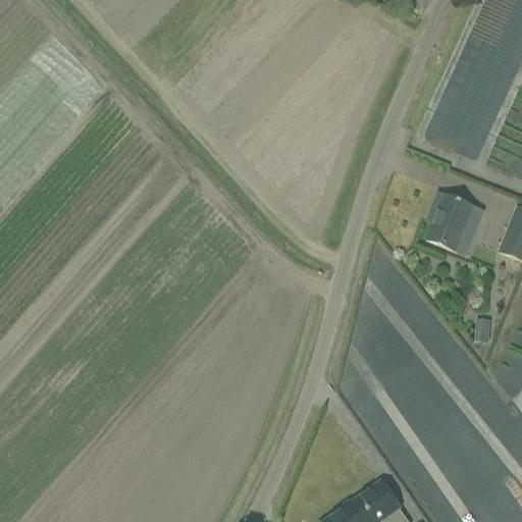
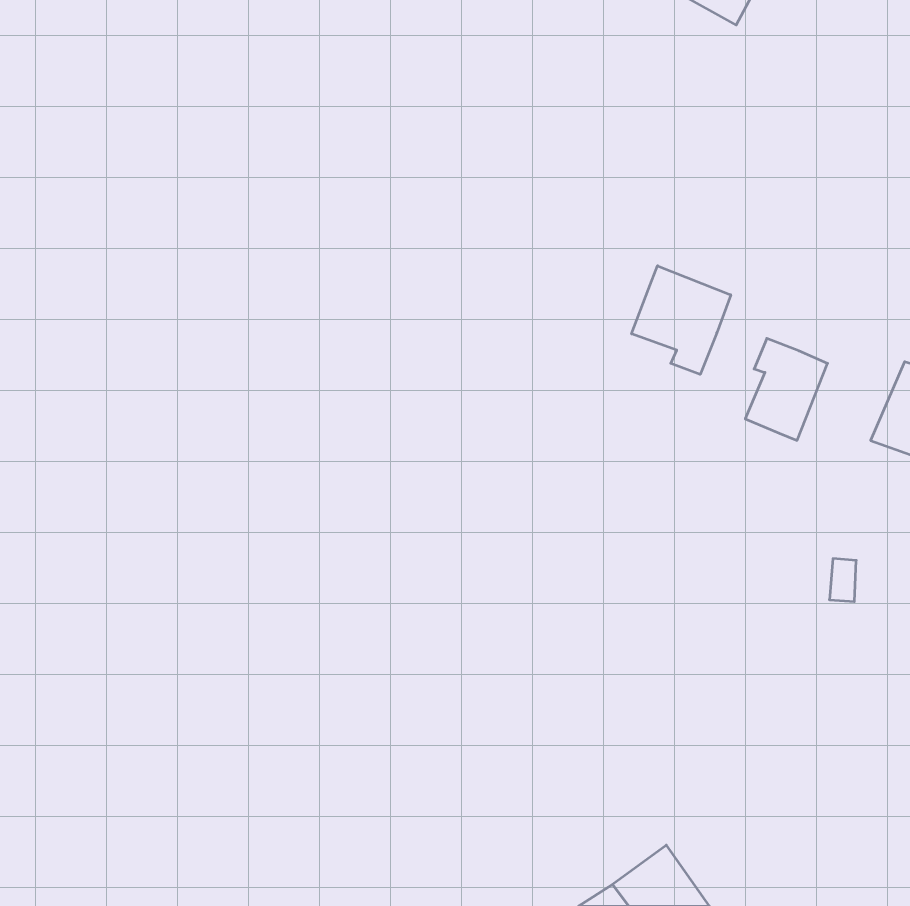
building: none -> [632,266,731,374]

